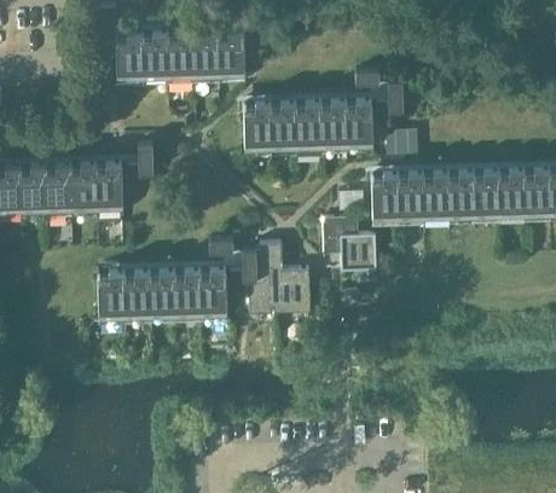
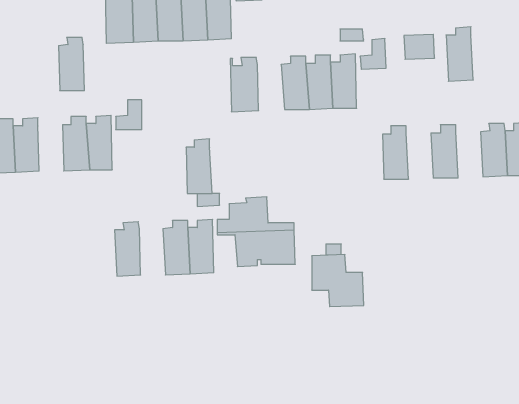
building: [271,95,299,151] -> none
building: [386,126,417,151] -> [404,34,435,59]
building: [46,158,73,213] -> [59,37,84,91]
building: [474,164,502,220] -> [446,27,473,81]
building: [423,167,451,221] -> none
building: [371,168,400,222] -> none
building: [323,214,376,267] -> [312,255,364,307]
building: [150,263,176,319] -> [186,139,212,193]
building: [97,266,127,321] -> none

